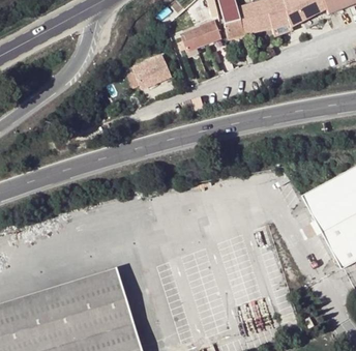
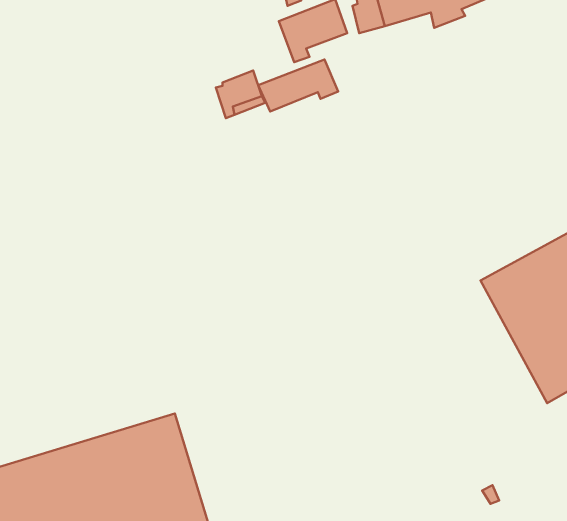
building: none -> [258,59,338,111]

